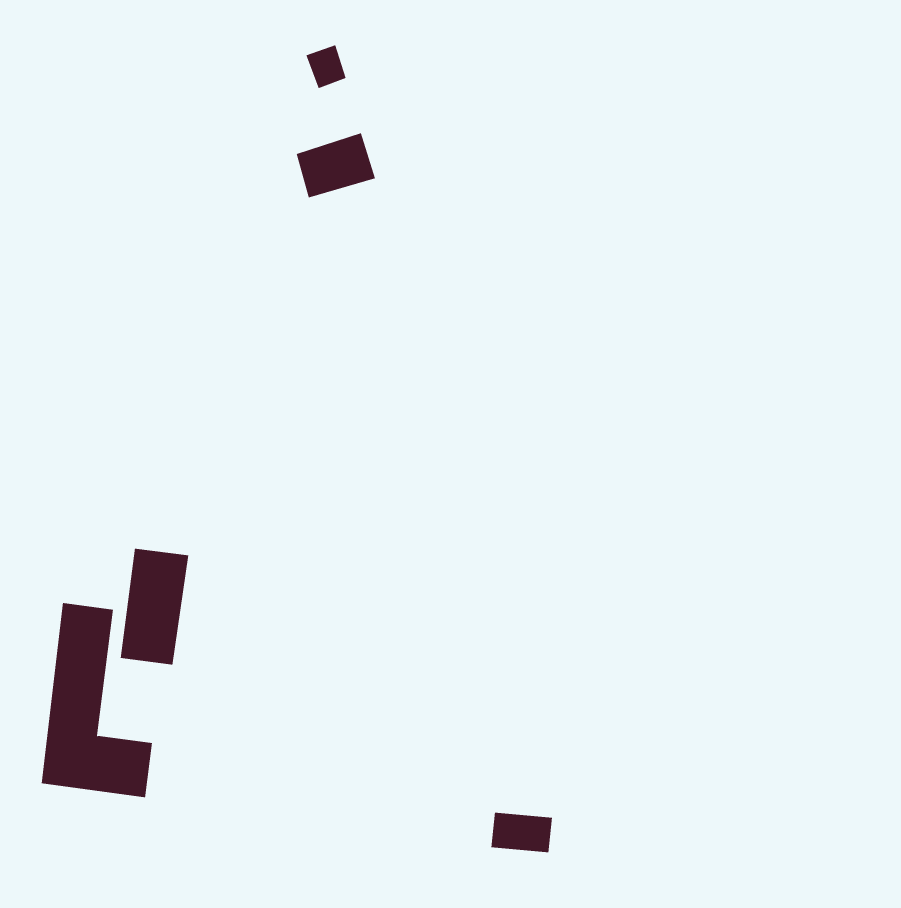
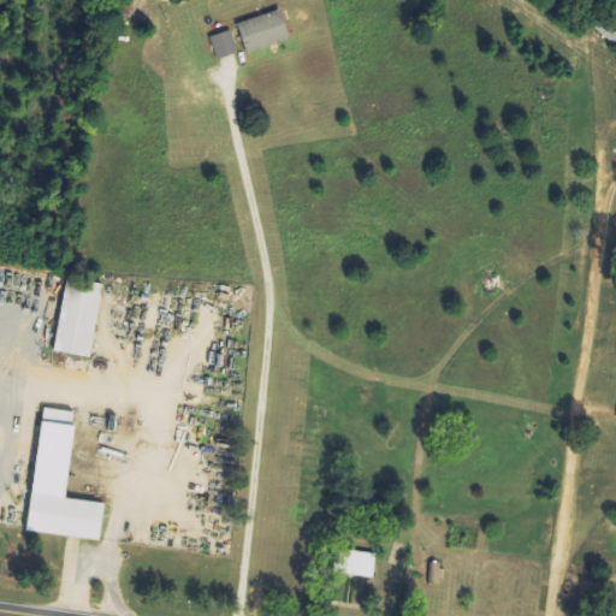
building: [296,132,376,198] -> [235,8,289,53]
building: [120,548,189,665] -> [54,278,101,357]

